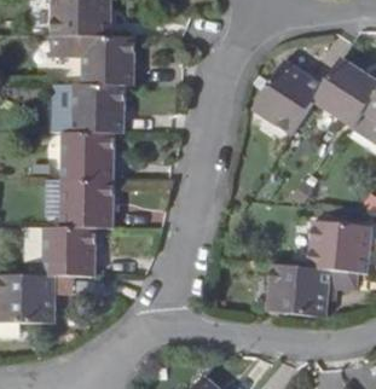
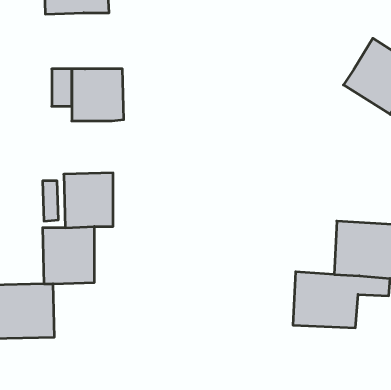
building: [82,29,129,81] -> none
building: [258,54,328,130] -> none
building: [63,128,109,176] -> none

